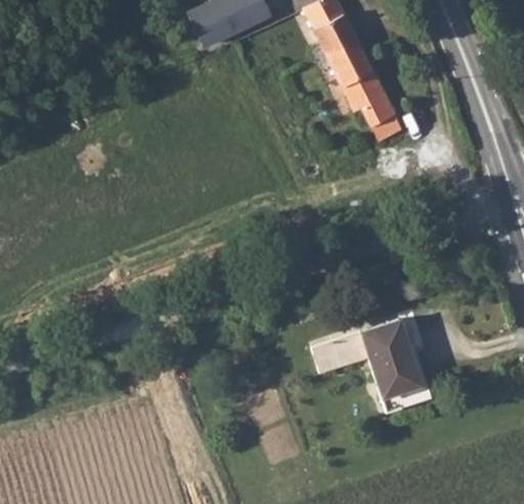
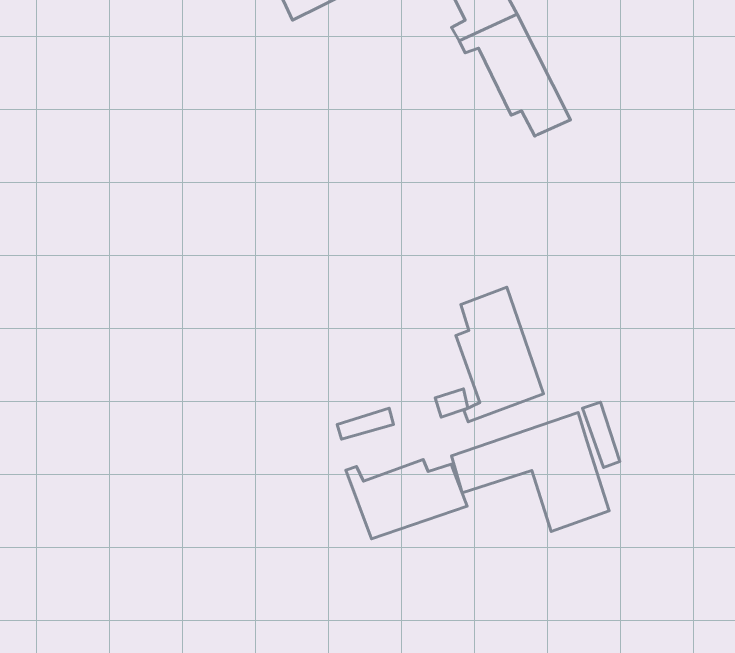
building: none -> [456,287,543,422]
building: none -> [346,459,467,539]

